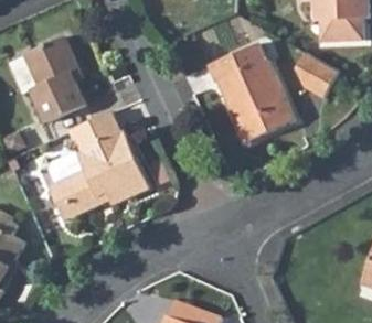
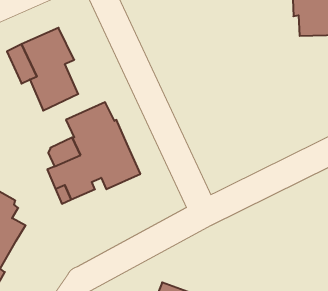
building: [209,44,294,142] -> none
building: [297,54,340,100] -> none

